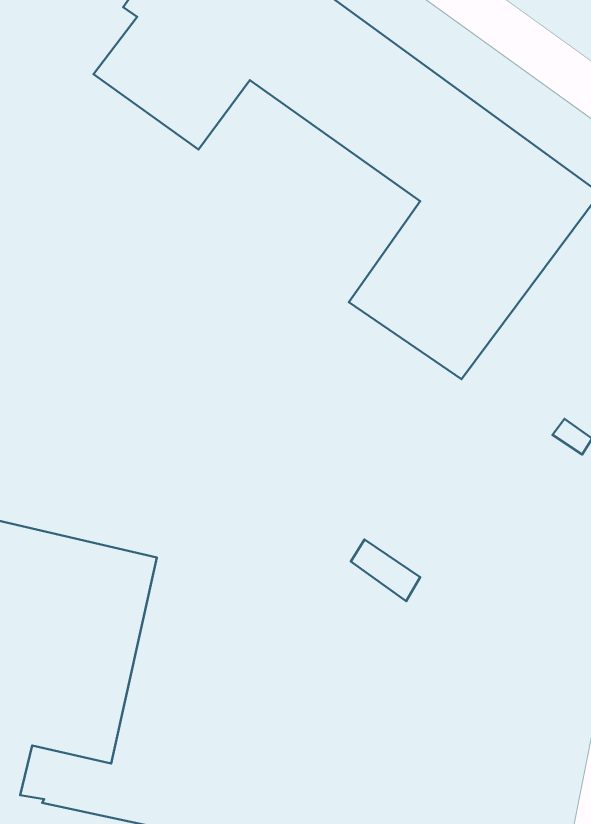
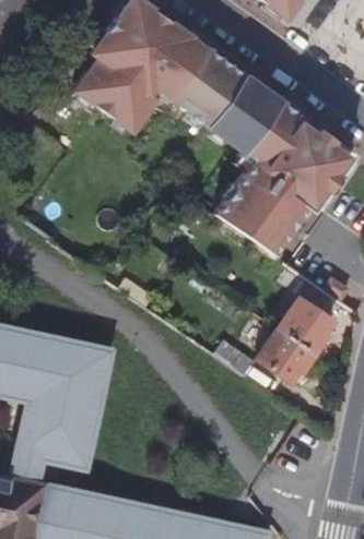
building: none -> [258,296,332,382]

